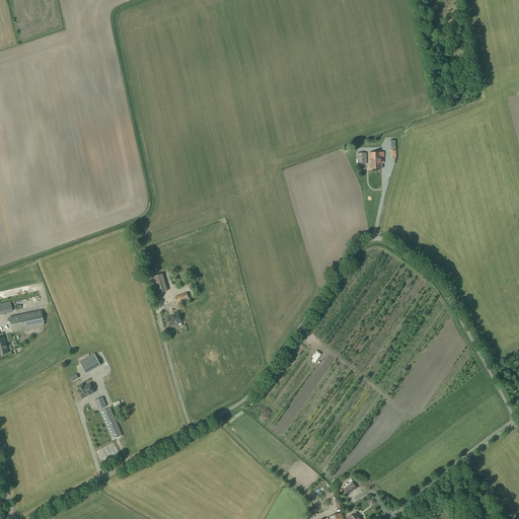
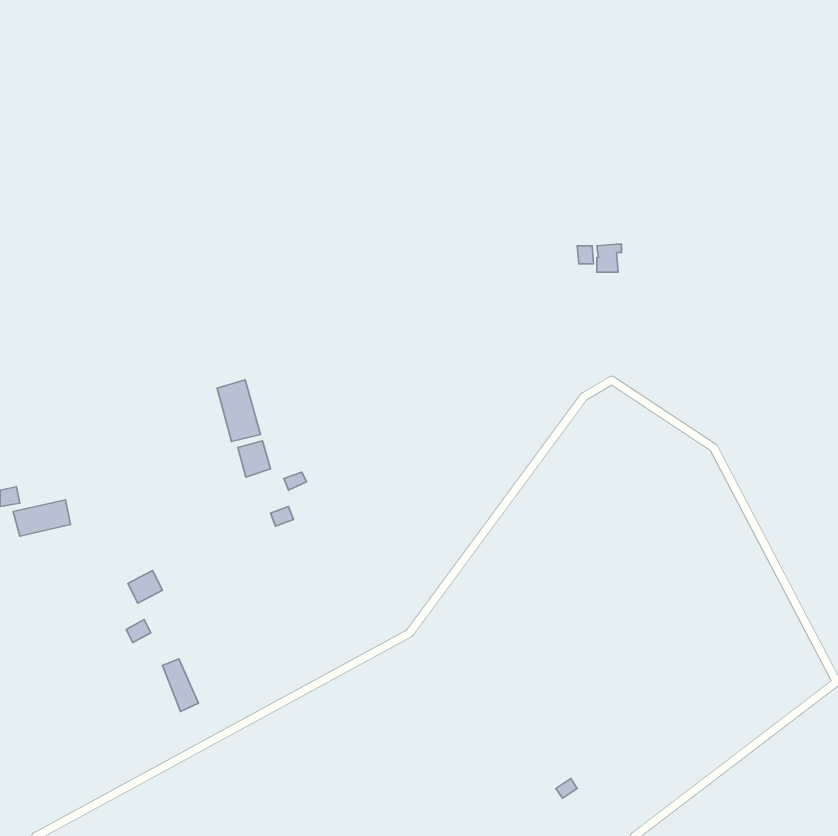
building: none -> [217,380,261,441]

